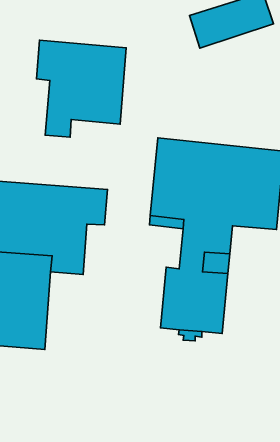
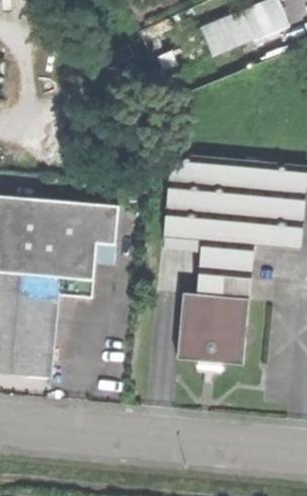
building: [36,40,126,137] -> none

